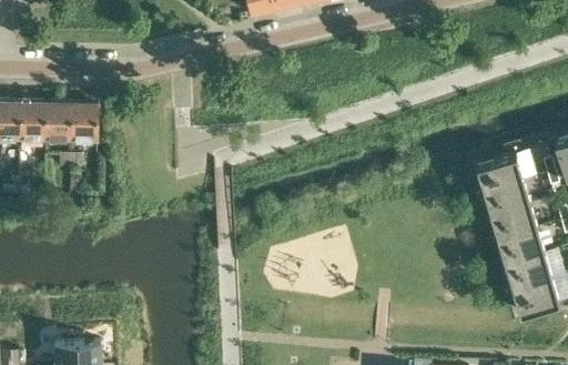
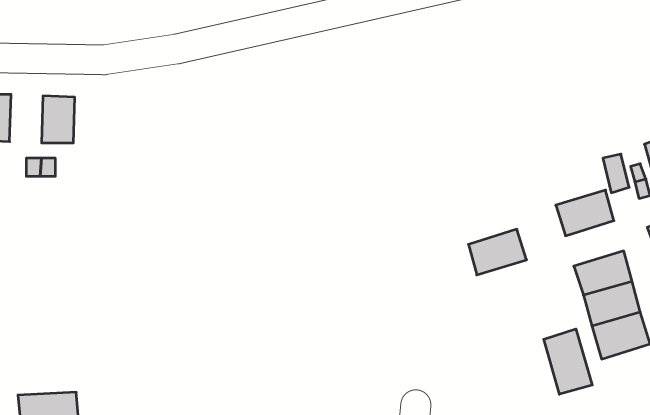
building: [45,101,72,140] -> none
building: [476,152,523,190] -> none
building: [490,202,537,239] -> [468,229,527,275]
building: none -> [544,329,592,394]

